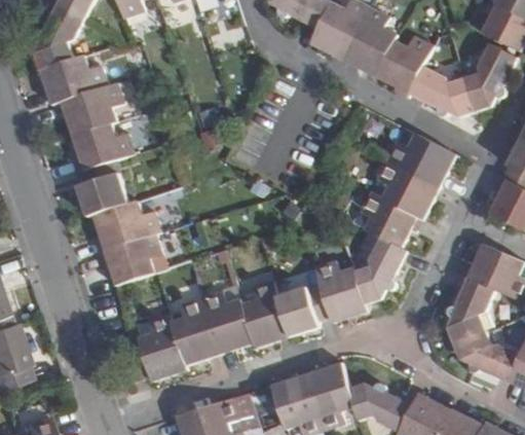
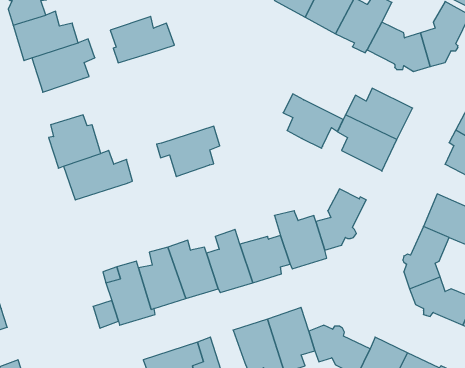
building: [70,123,137,172] -> [110,16,174,63]
building: [360,192,422,249] -> [283,94,343,148]
building: [99,232,164,285] -> [157,126,220,177]

